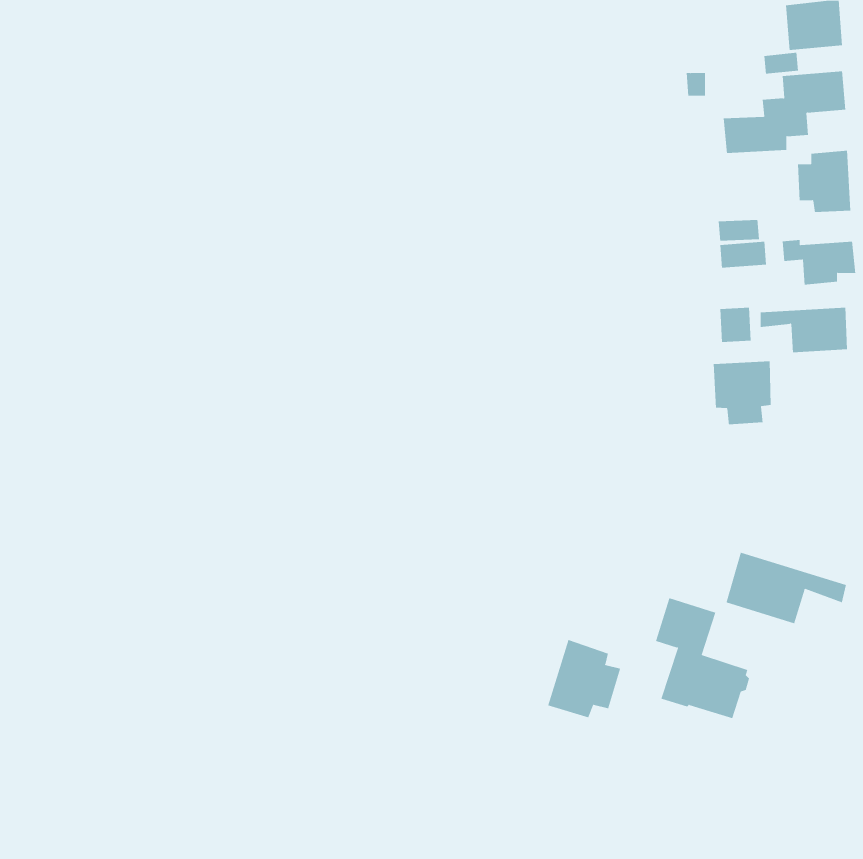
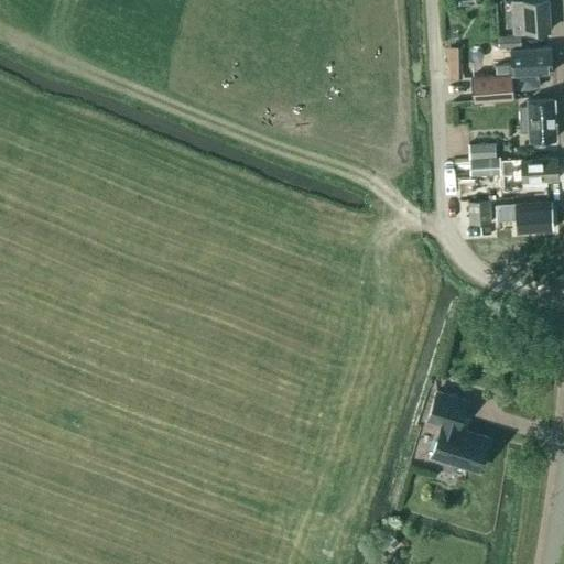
building: [713,361,771,425] -> none
building: [726,552,847,624] -> none
building: [548,639,621,718] -> none

